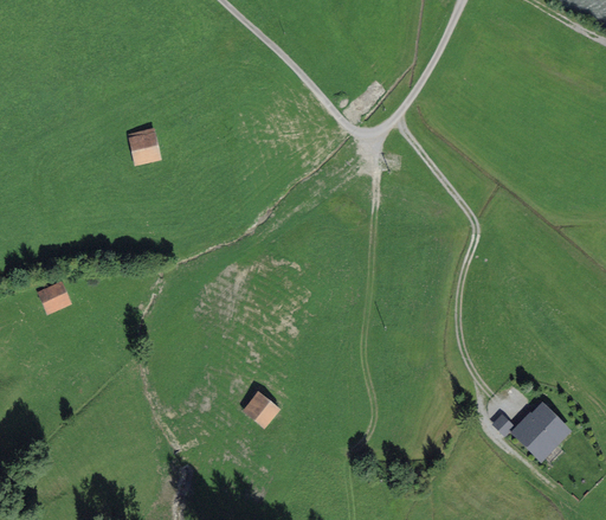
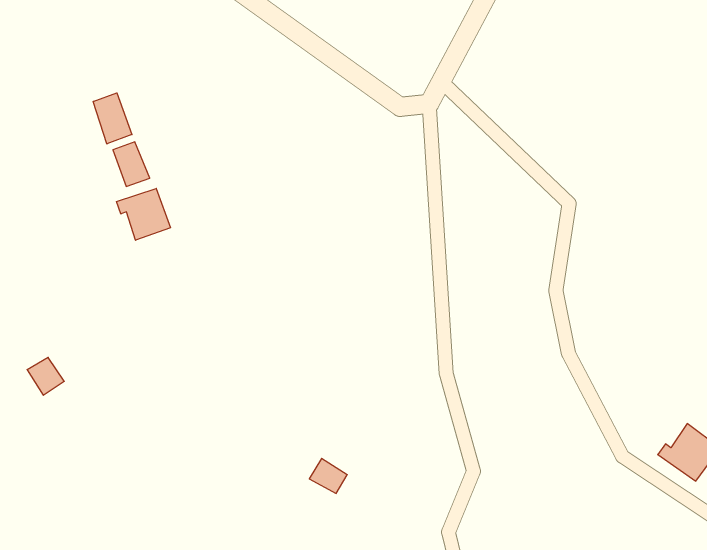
building: none -> [93,93,132,144]
building: none -> [116,188,170,240]

